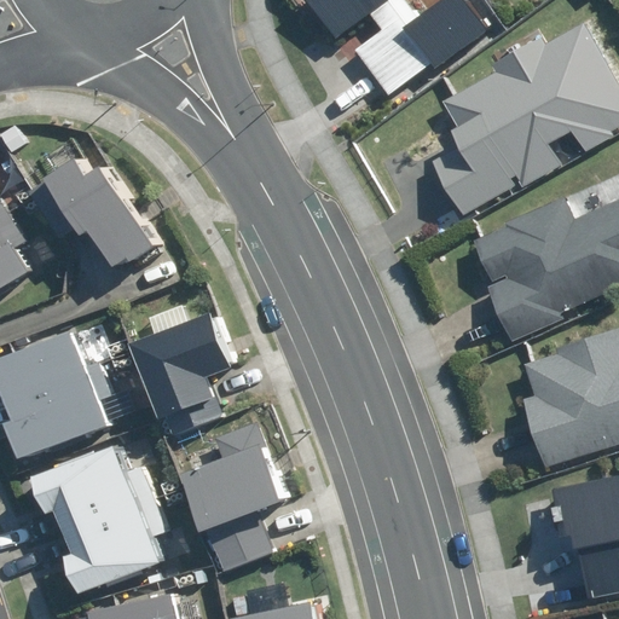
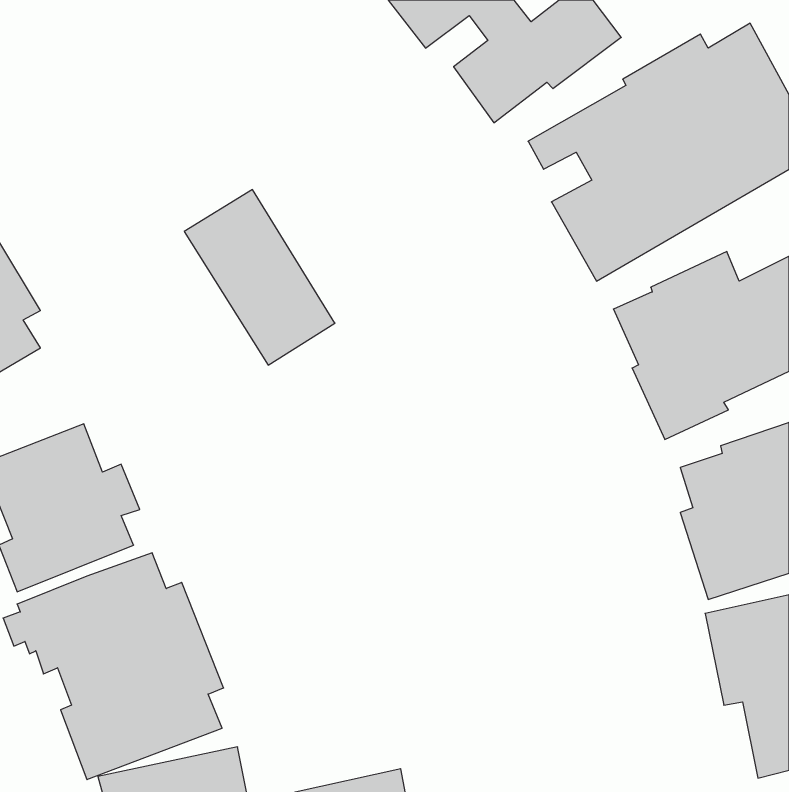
building: [33,140,150,277] -> [184,190,335,365]
building: [129,312,233,436] -> none
building: [179,422,284,574] -> none

